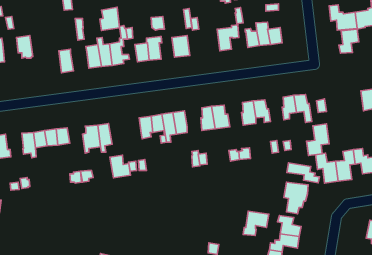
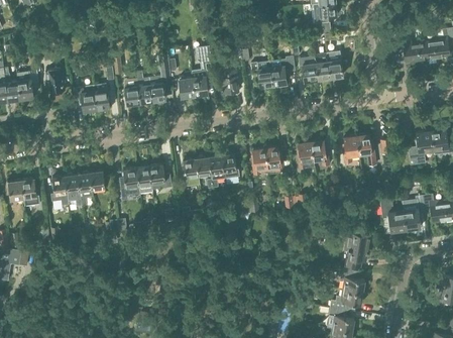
building: [100,7,120,30] -> none
building: none -> [250,62,273,87]
building: [339,29,359,53] -> none
building: none -> [77,86,97,111]
building: [307,124,329,156] -> [409,130,434,165]
building: [110,155,131,178] -> [149,164,173,190]
building: [287,163,319,183] -> none
building: [243,211,269,236] -> none

